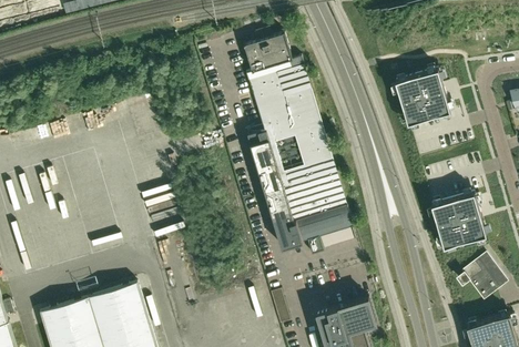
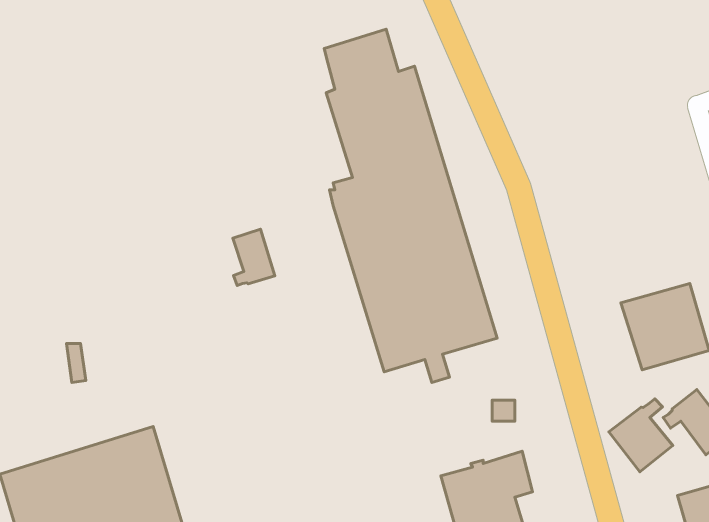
building: [395,67,450,122] -> none
building: none -> [233,229,275,286]
building: none -> [609,399,673,472]

